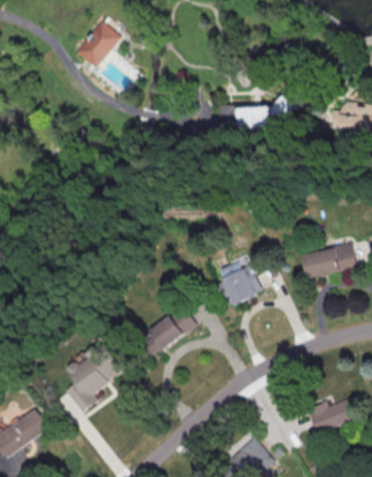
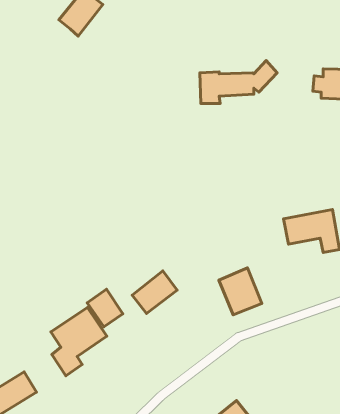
building: [217,257,261,304] -> [219,268,262,315]
building: none -> [87,289,123,327]
building: [308,398,353,435] -> none

